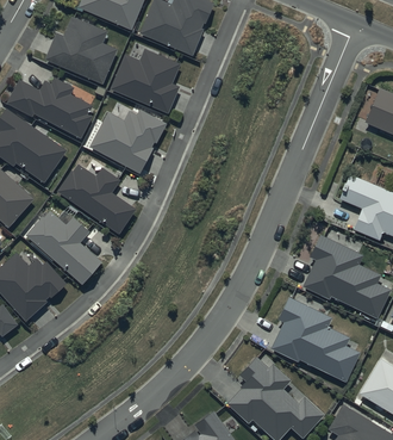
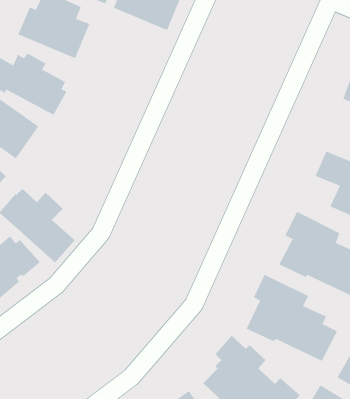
building: [111,49,181,114] -> none
building: [91,109,167,174] -> none
building: [57,163,137,235] -> none

